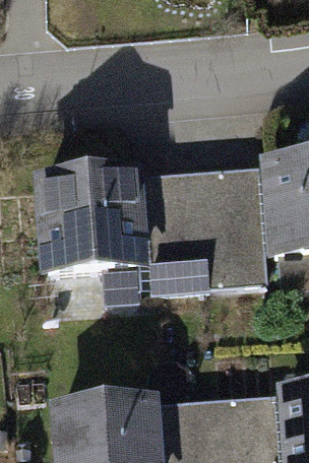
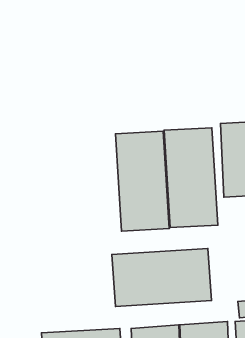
building: [43,178,140,271] -> none
building: none -> [112,249,212,307]

